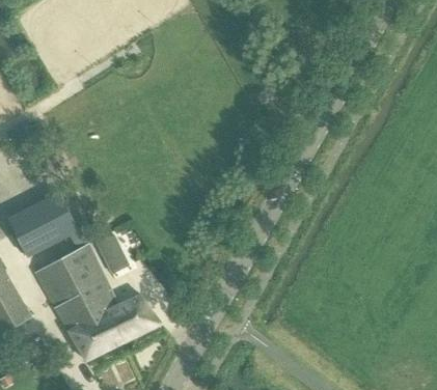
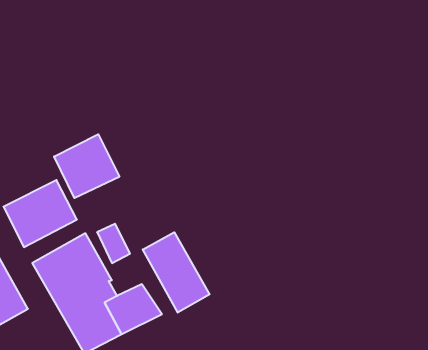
building: none -> [54,134,119,198]
building: none -> [143,232,210,313]

